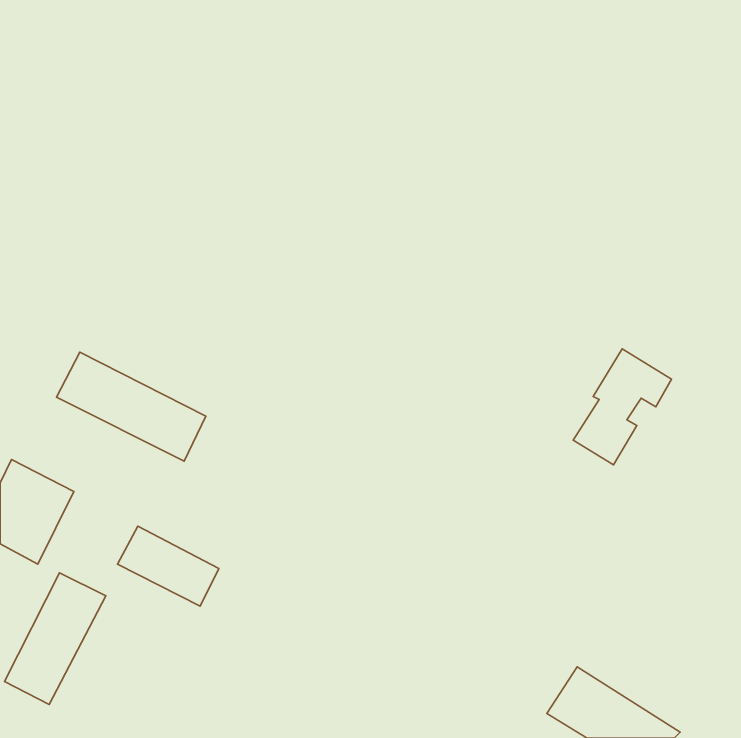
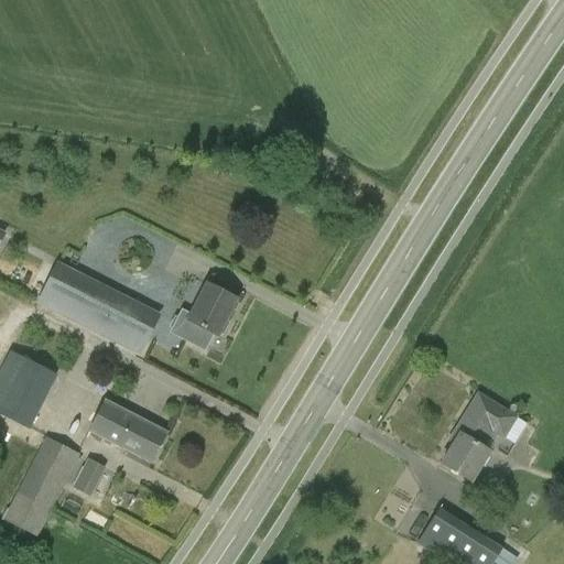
building: [573,349,672,465] -> [441,392,516,480]
building: none -> [169,284,235,348]
building: none -> [70,455,105,495]

